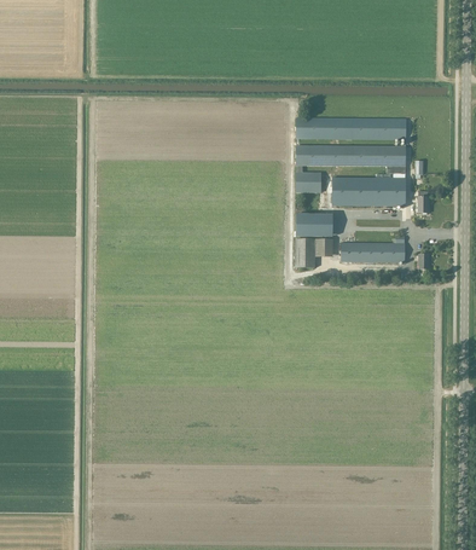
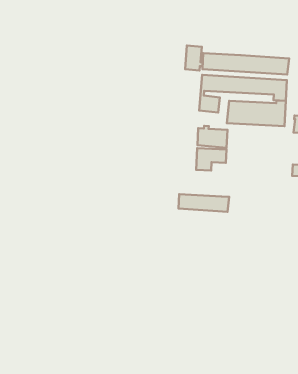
building: none -> [185,45,203,71]
building: [341,243,405,262] -> [178,194,229,212]

